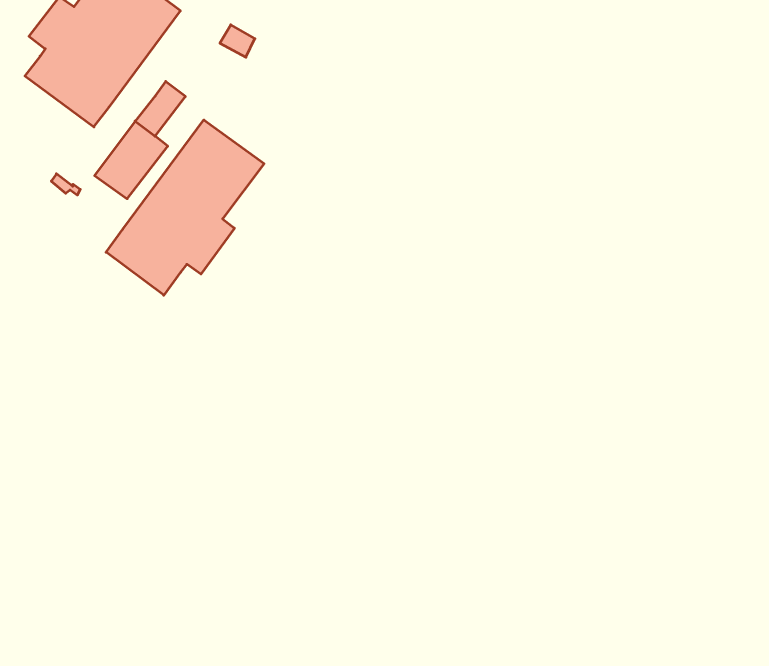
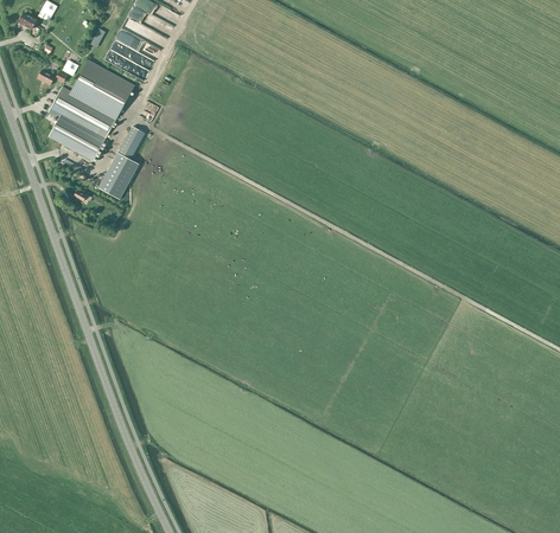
building: [106,120,264,295] -> none

